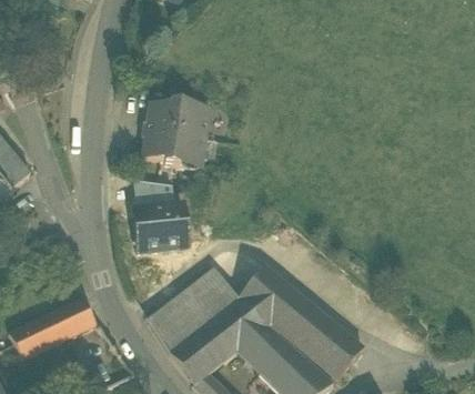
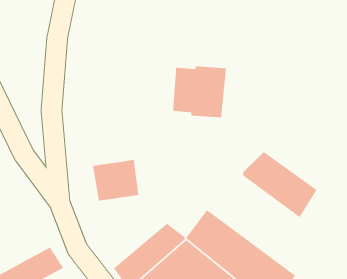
building: [143,104,209,166] -> [172,66,227,118]
building: [133,179,173,208] -> none
building: none -> [242,151,317,218]

